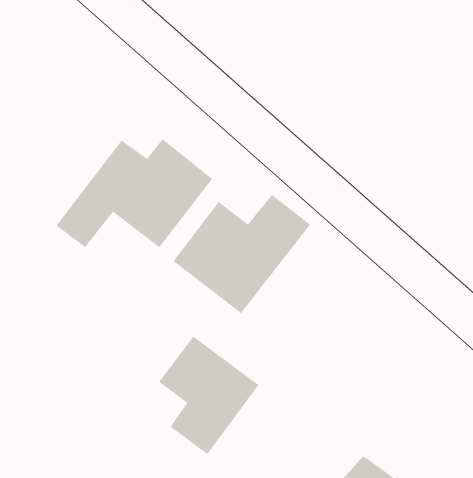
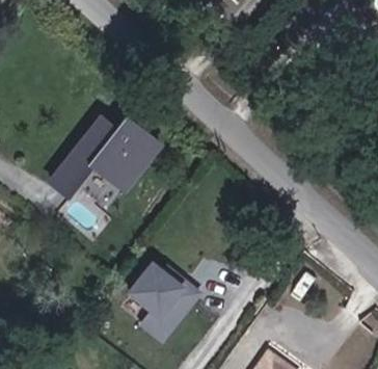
building: [173,194,311,314] -> none

